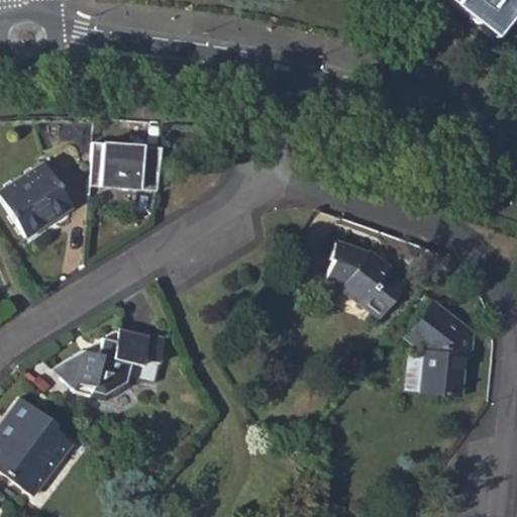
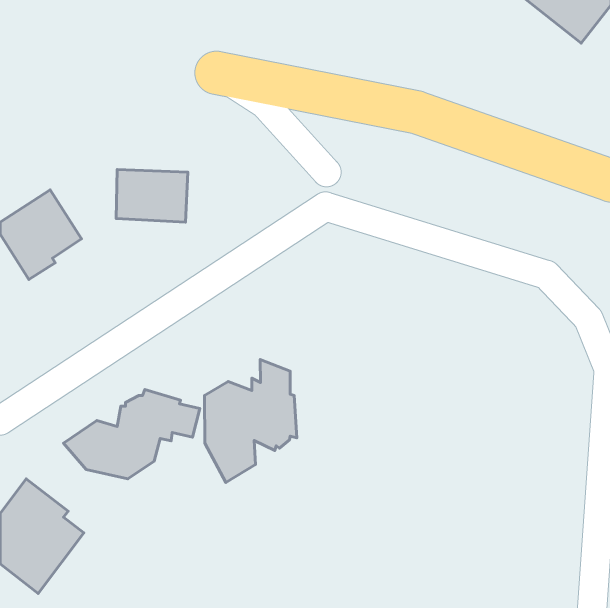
building: [327,234,405,312] -> none
building: [405,296,472,389] -> none
building: none -> [205,359,297,483]

